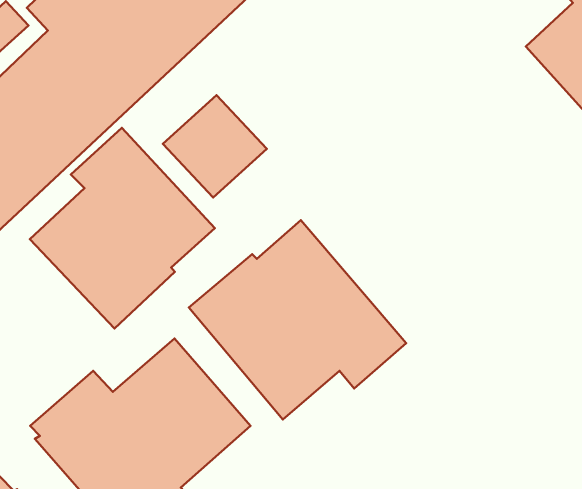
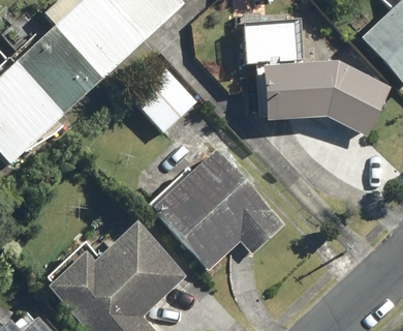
building: none -> [241,18,391,134]
building: [30,128,215,329] -> none

